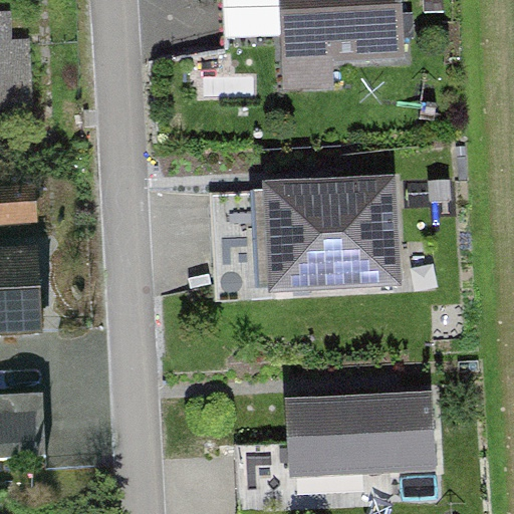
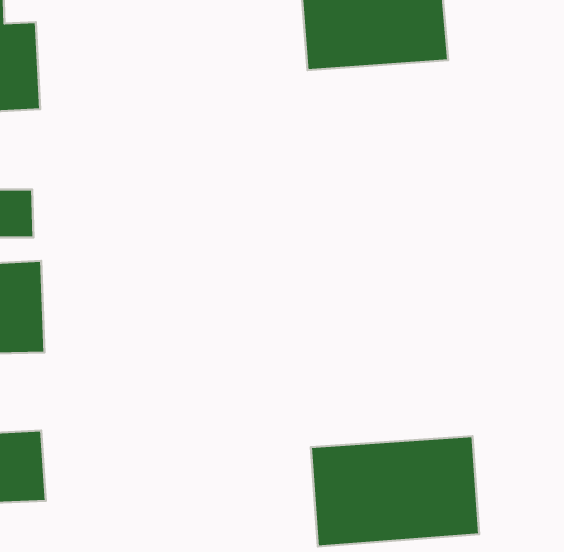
building: [253,177,401,298] -> none

